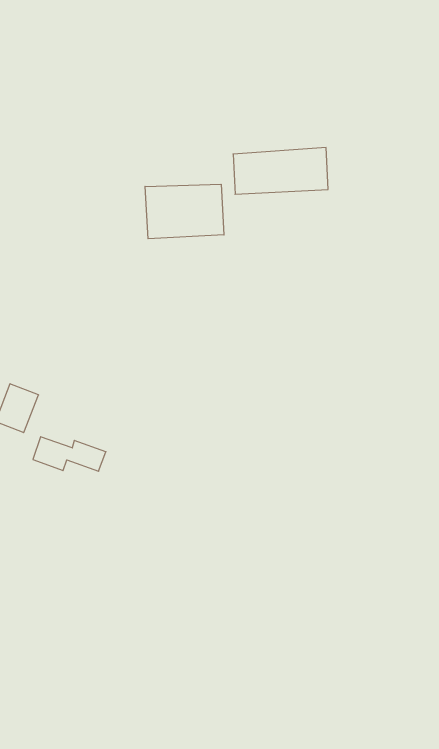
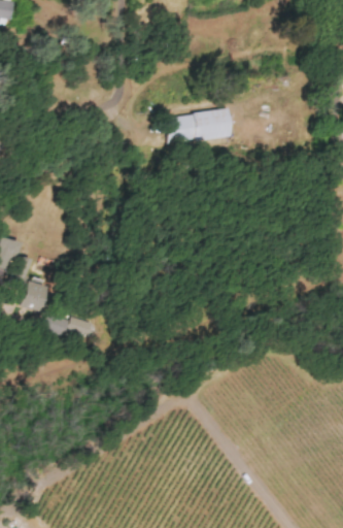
building: [145,184,224,239] -> none

